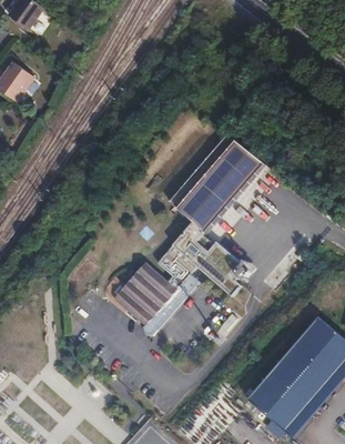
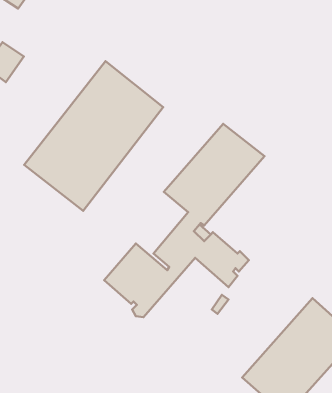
building: none -> [24,61,163,211]

